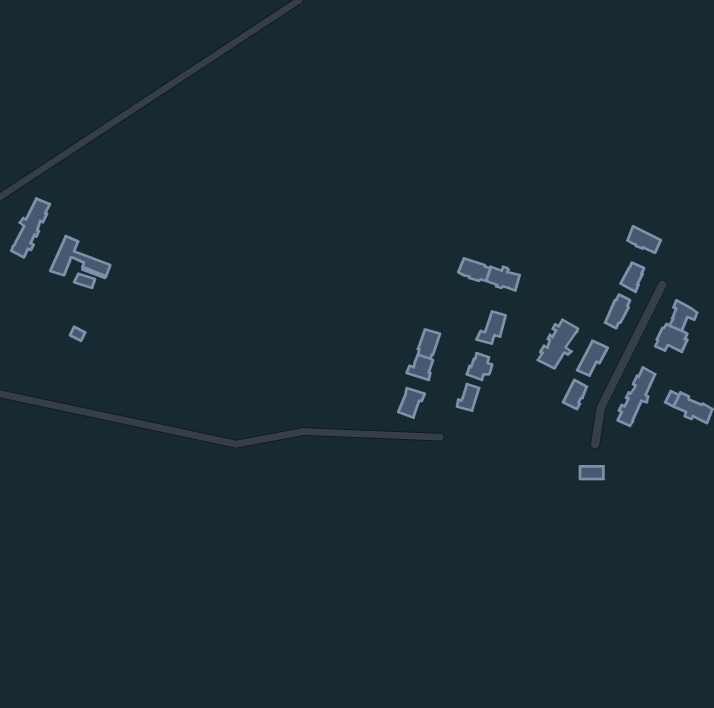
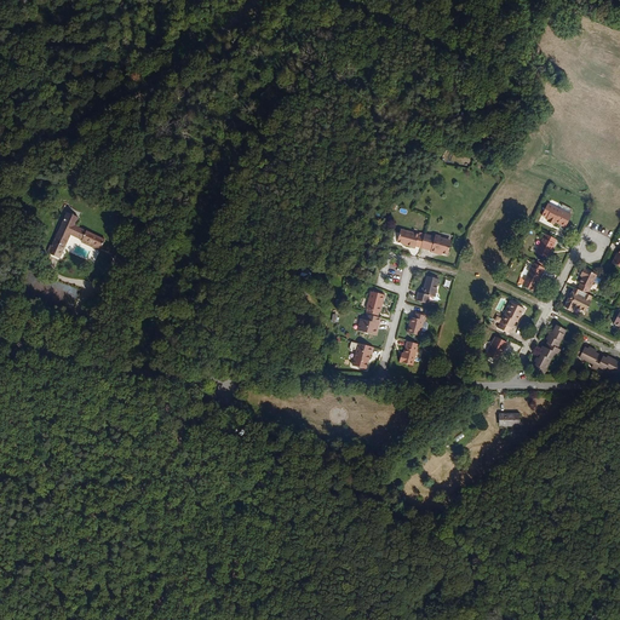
building: [11,198,50,257] -> none
building: [538,320,578,368] -> none

